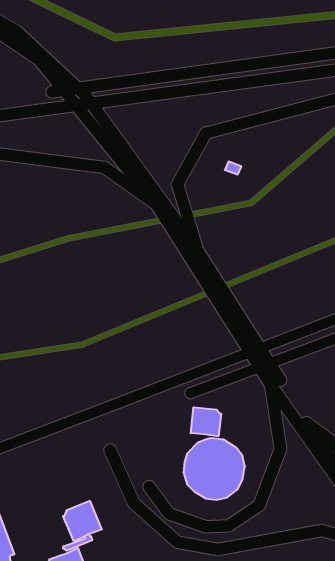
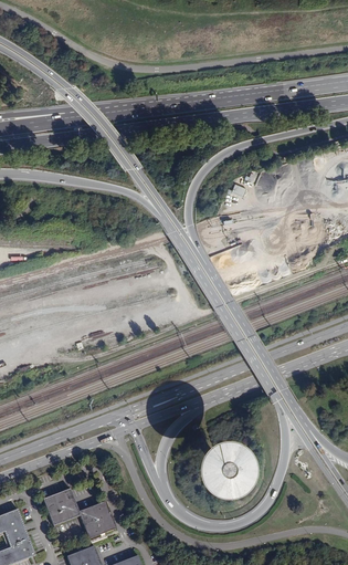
building: [191,407,221,436] -> none
building: none -> [42,489,78,526]

